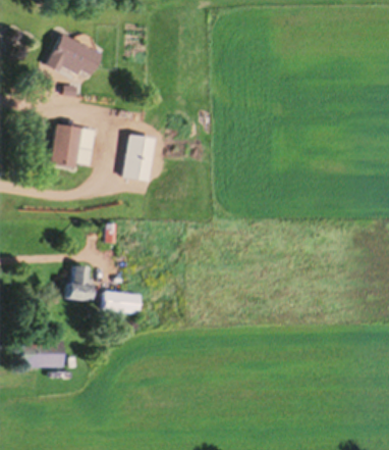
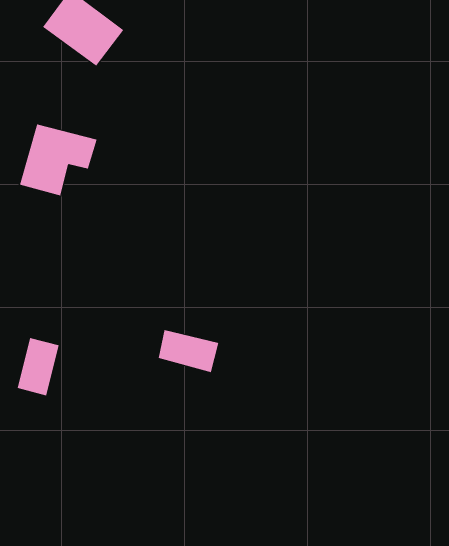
building: [123,135,154,182] -> none
building: [102,291,141,314] -> [158,330,219,373]

